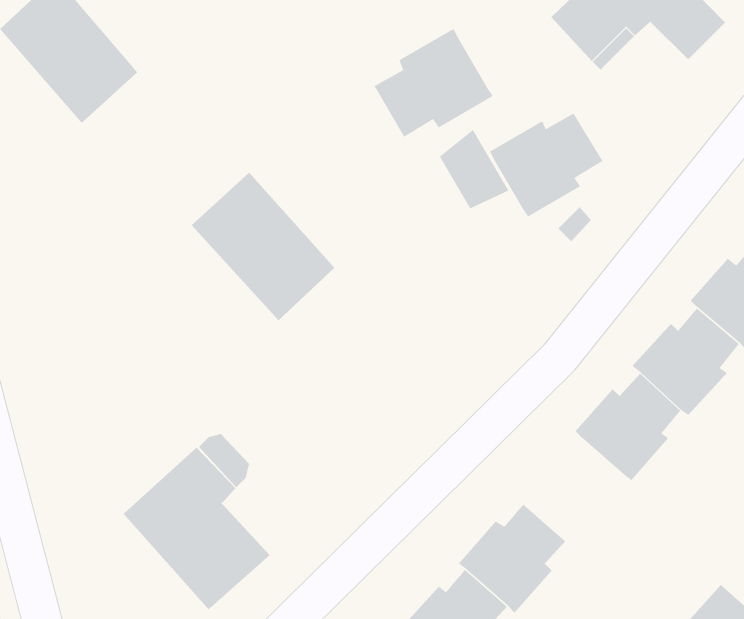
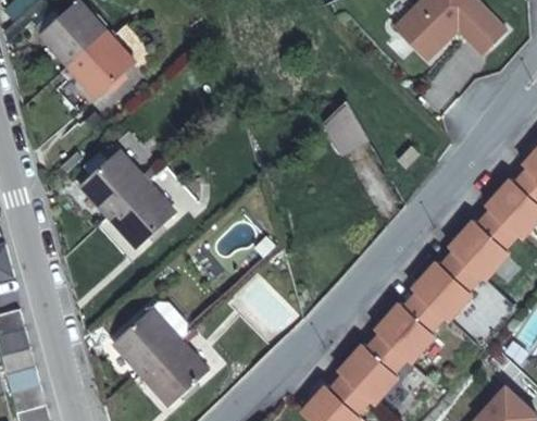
building: [374,28,494,138] -> none
building: [489,113,603,218] -> none
building: [191,172,335,321] -> [87,151,178,246]
building: none -> [373,294,441,362]

